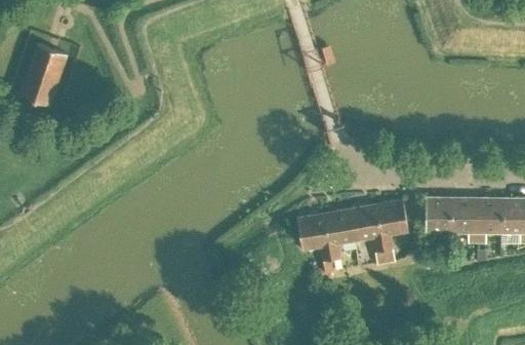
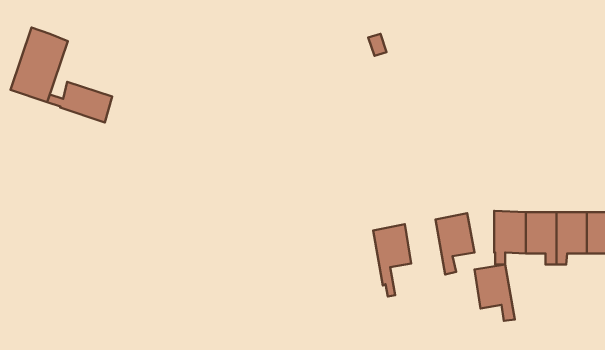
building: none -> [47,82,112,122]
building: [351,203,385,251] -> [475,265,515,321]
building: [297,213,332,260] -> none

